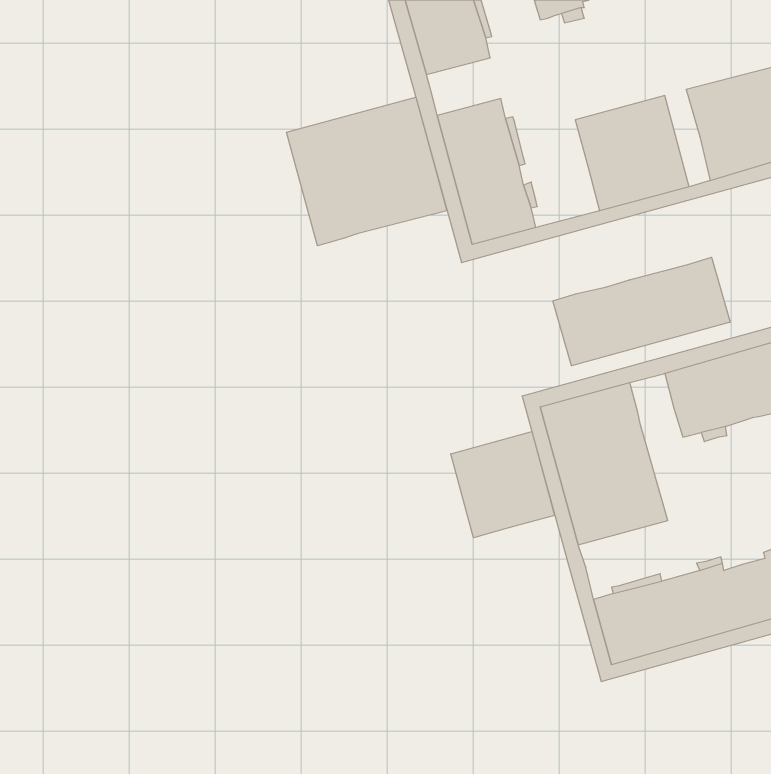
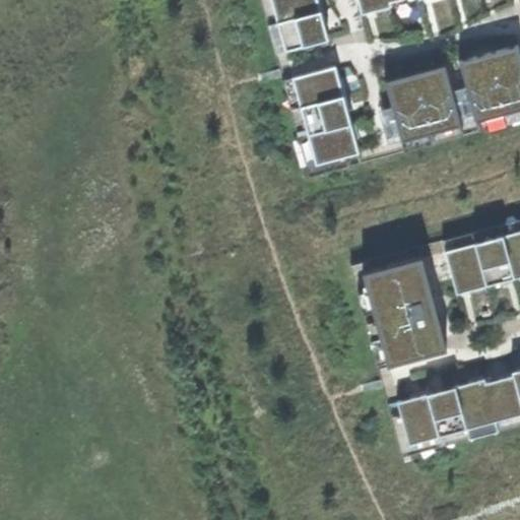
building: [287,97,447,246] -> none
building: [553,257,730,366] -> none
building: [451,431,555,538] -> none

